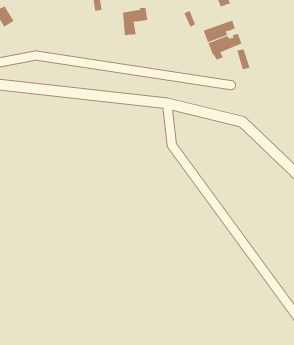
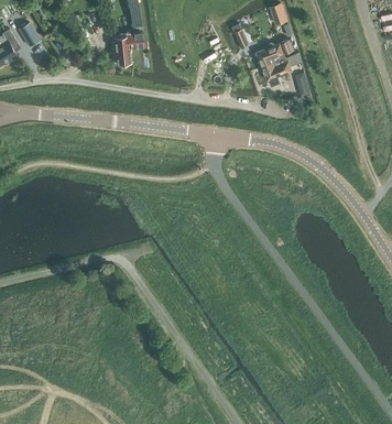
building: [122,8,148,36] -> [113,31,143,63]

